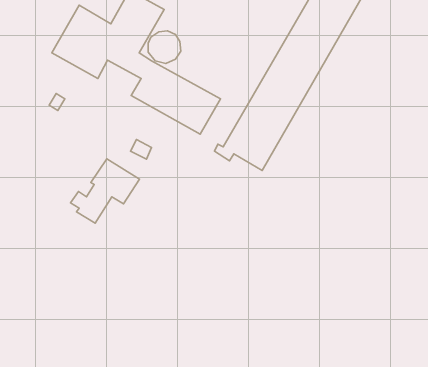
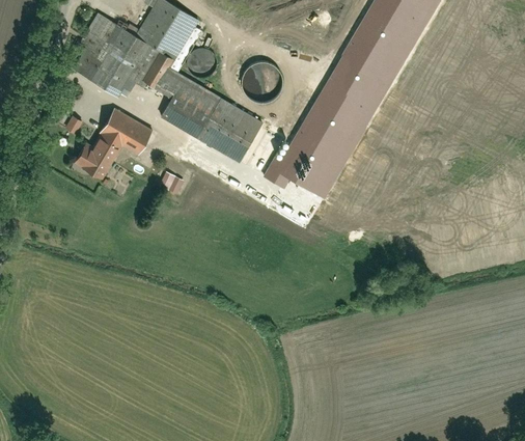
building: none -> [245,63,283,102]
building: [70,159,139,223] -> [76,106,157,182]

